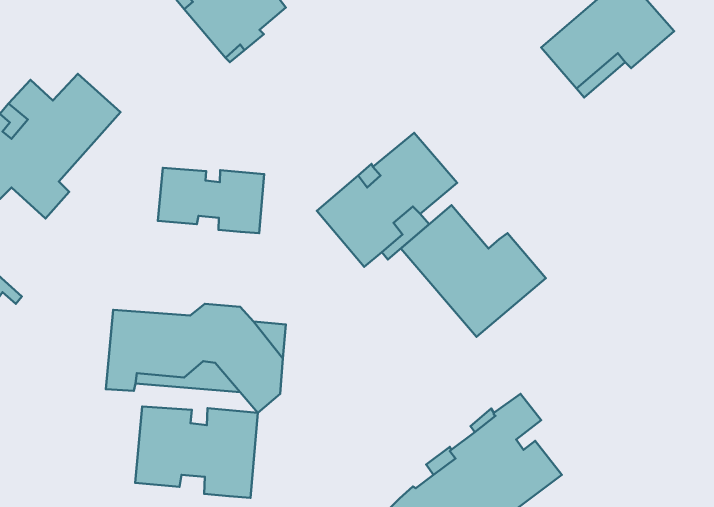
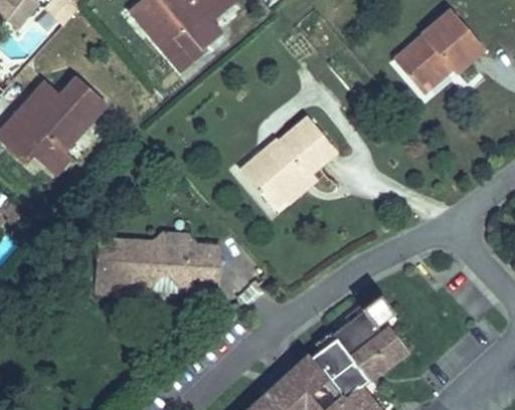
building: [158,168,264,233] -> none
building: [401,205,546,337] -> none
building: [135,407,258,498] -> none

